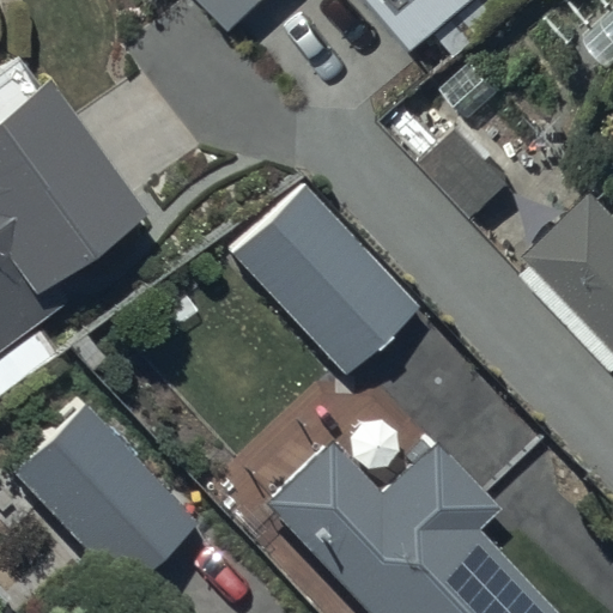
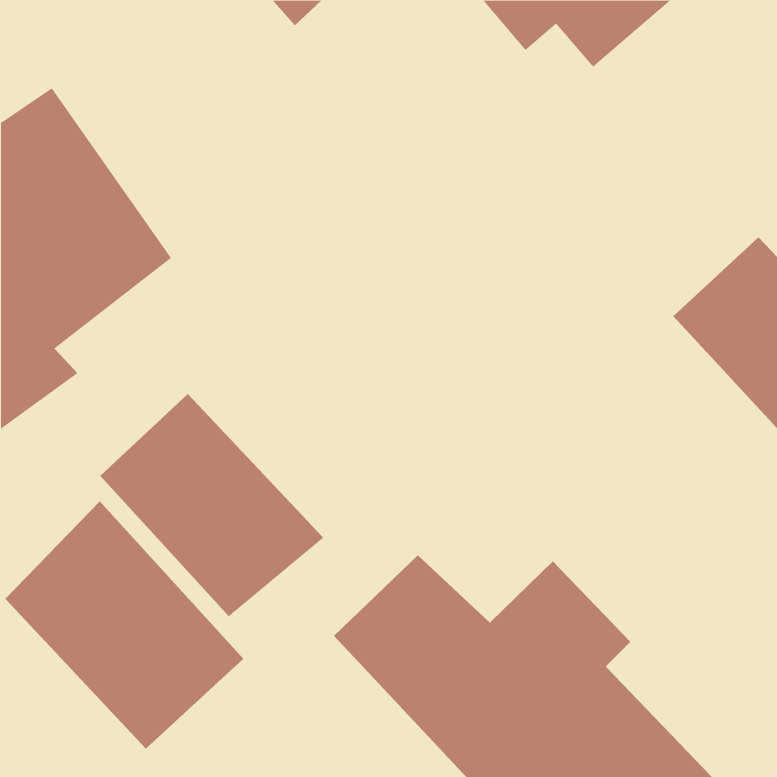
building: [227,186,417,378] -> none
building: none -> [99,393,324,617]

